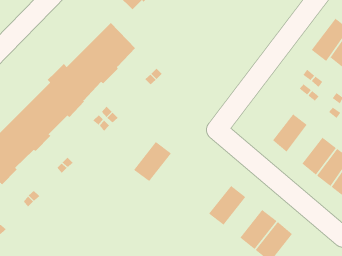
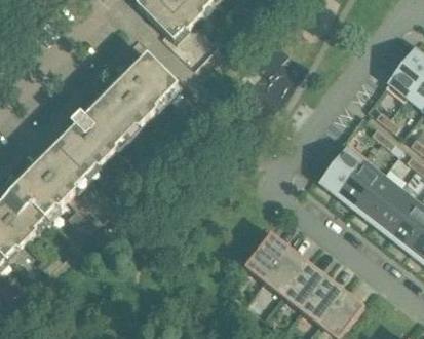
building: none -> [320,147,363,193]
building: none -> [356,175,398,221]
building: [133,141,172,182] -> [243,232,290,280]
building: none -> [281,261,326,309]

